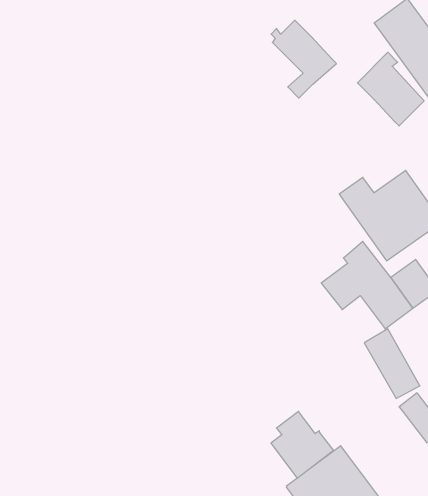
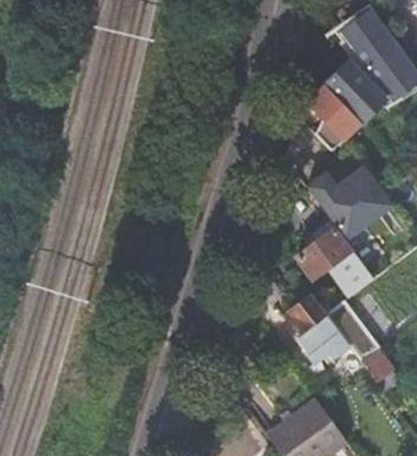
building: [271,20,336,98] -> [305,86,361,152]
building: [271,411,333,478] -> [284,298,337,355]

